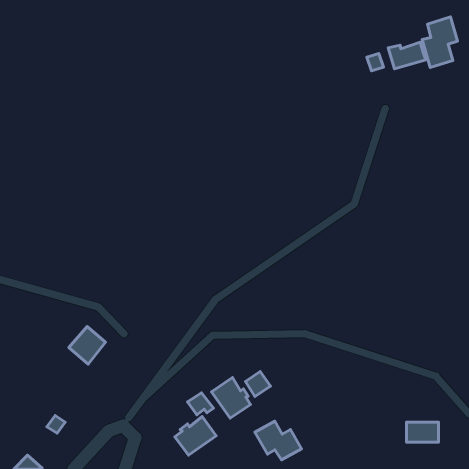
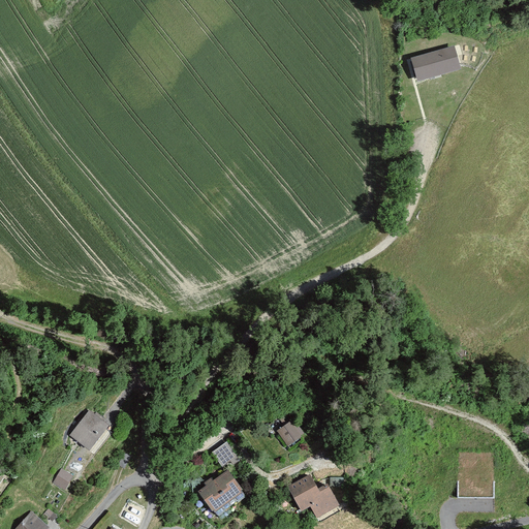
building: [422,17,458,68] -> none
building: [69,326,106,364] -> [68,411,110,454]
building: [212,378,251,418] -> none

